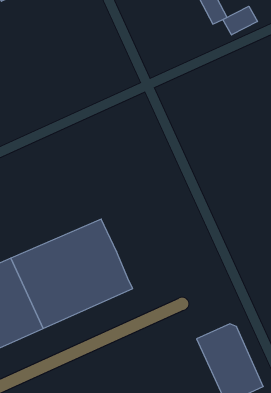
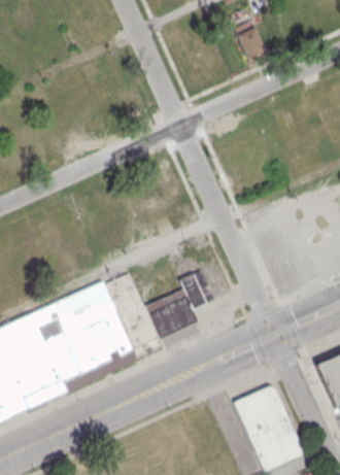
building: [223,6,257,35] -> none
building: none -> [145,268,215,338]

